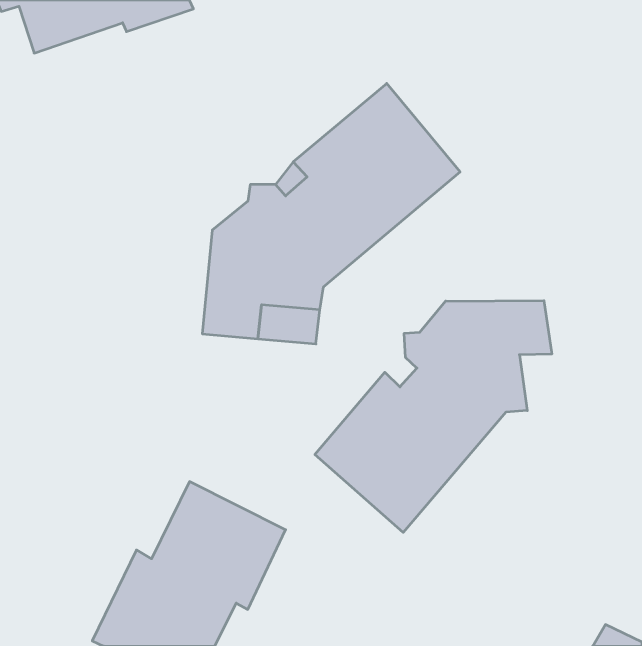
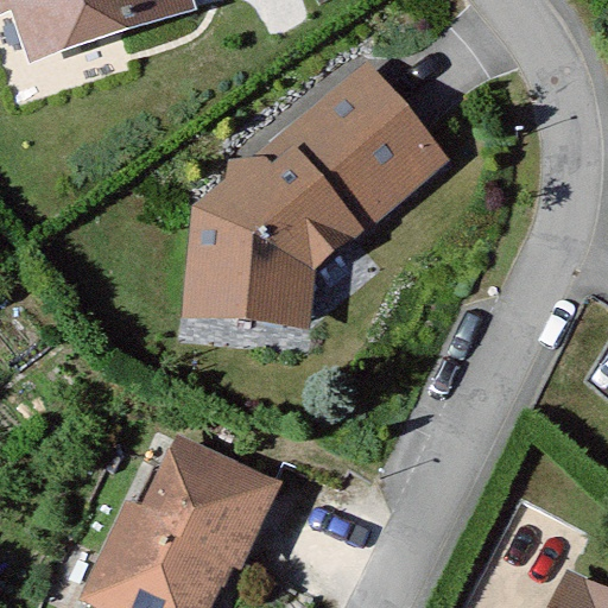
building: [315,301,552,532] -> none

